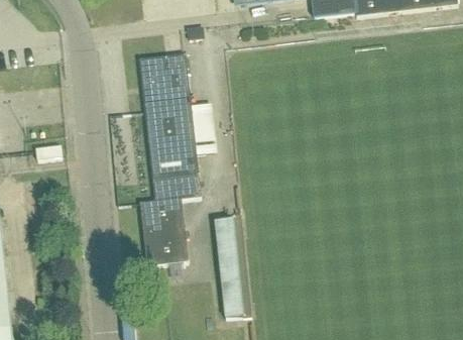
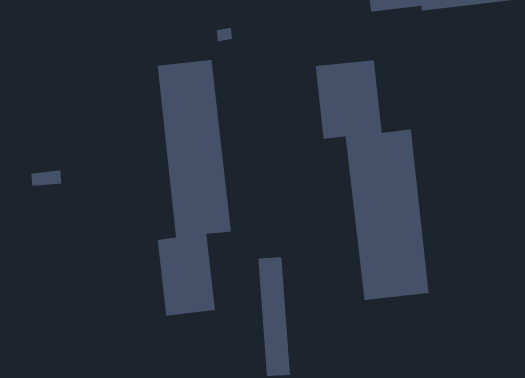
building: none -> [315,60,429,301]

